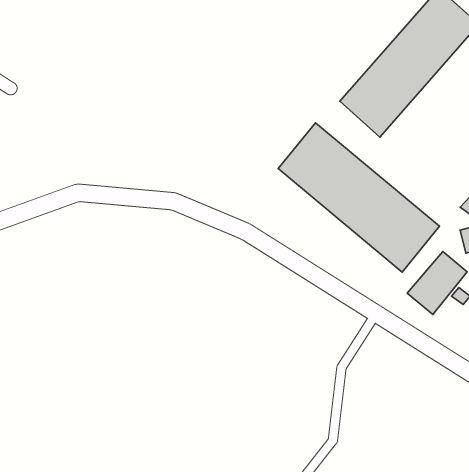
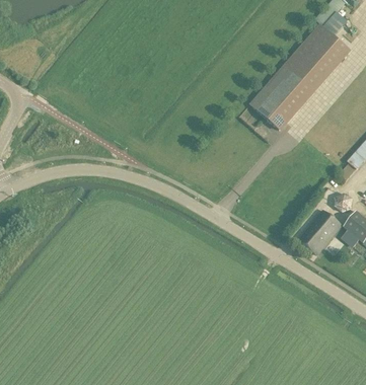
building: [278,123,440,272] -> none

